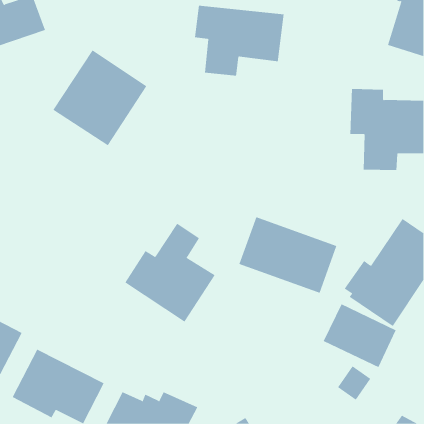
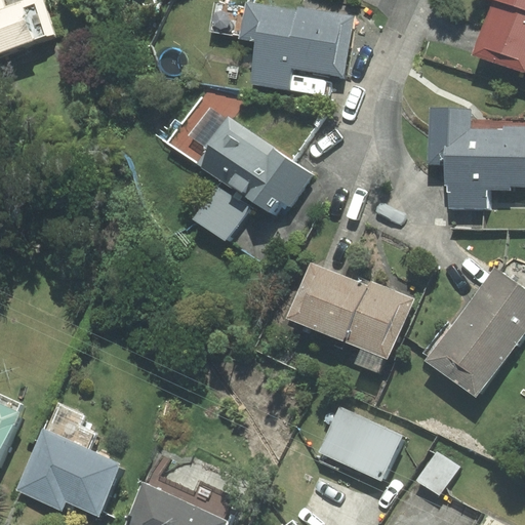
building: [53,50,147,146] -> none
building: none -> [168,92,312,244]
building: [125,223,215,323] -> none
building: [323,303,396,368] -> [317,405,407,484]

